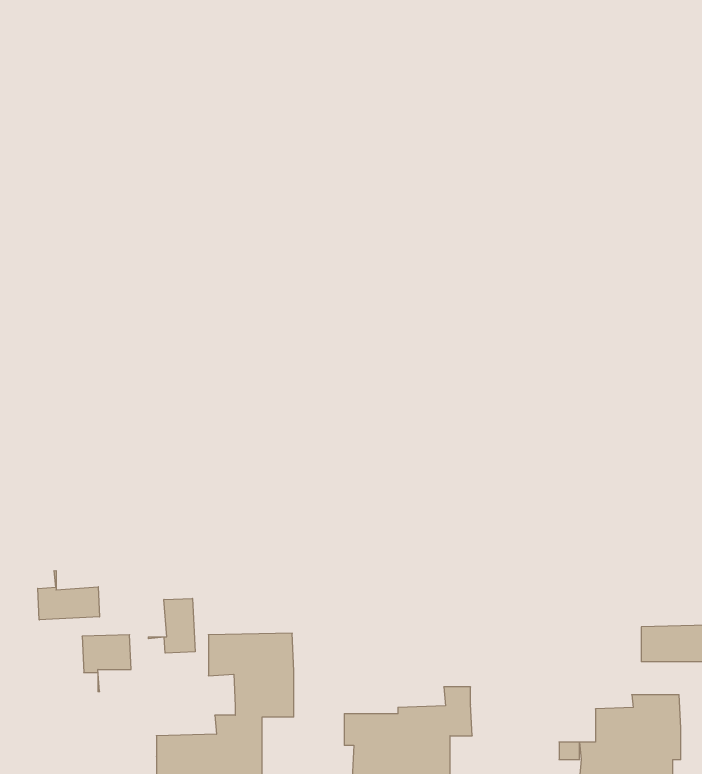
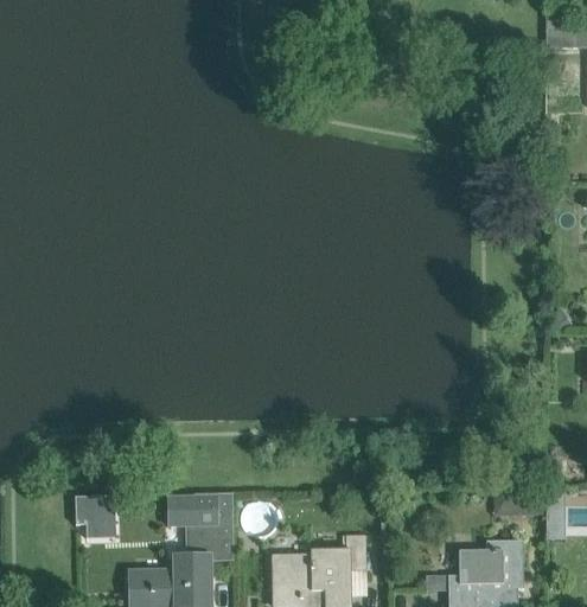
building: [38,571,99,620] -> none
building: [148,598,195,653] -> none

